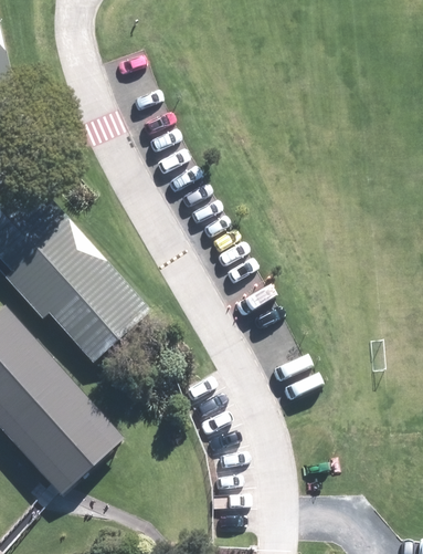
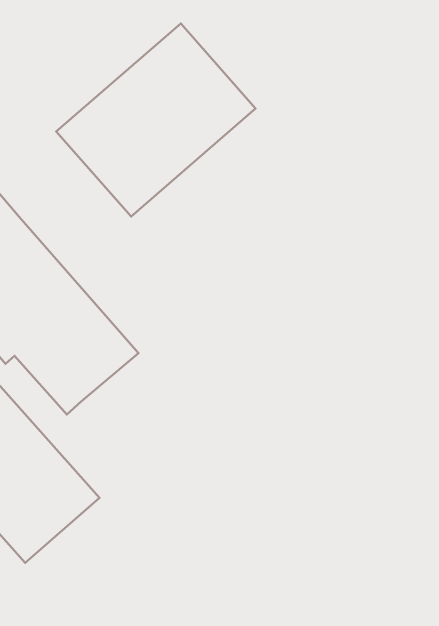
building: none -> [56,24,256,217]

